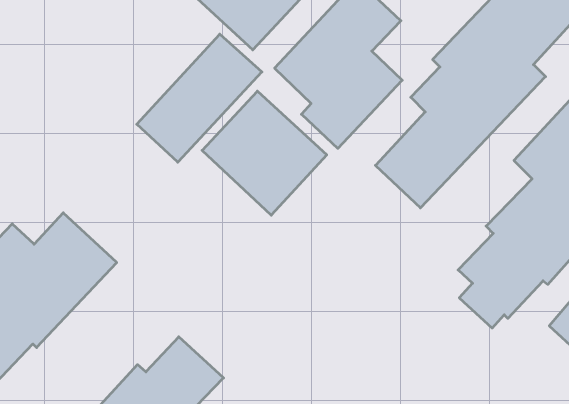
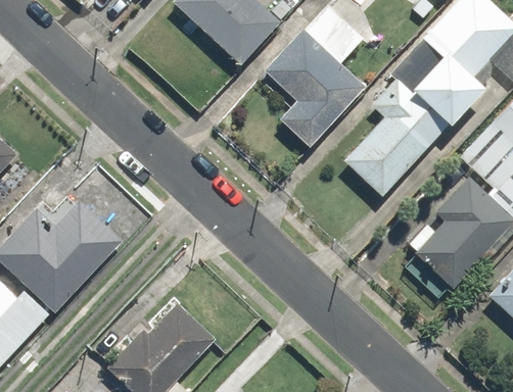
building: [137,34,262,162] -> none
building: [202,91,327,215] -> none

